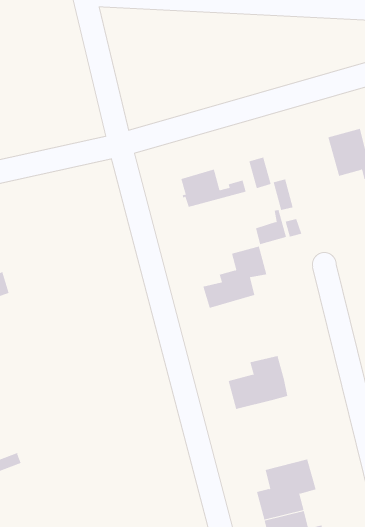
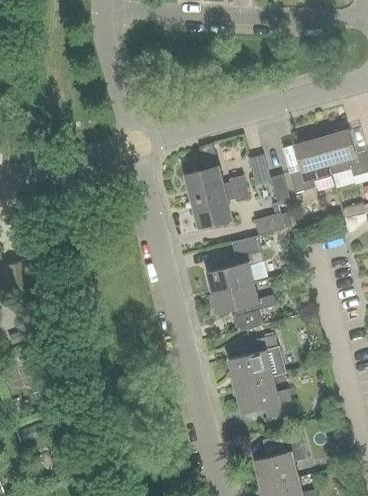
building: none -> [290,137,331,192]
building: none -> [193,187,249,227]
building: none -> [212,281,276,332]
building: none -> [236,376,294,419]

